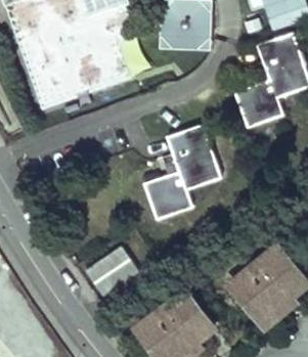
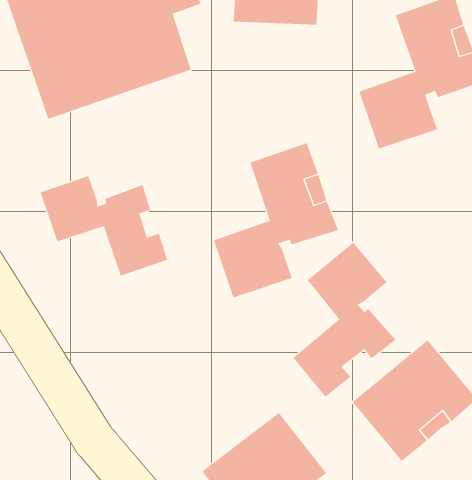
building: none -> [40,175,168,277]
building: none -> [292,242,396,397]
building: [85,247,138,297] -> none

